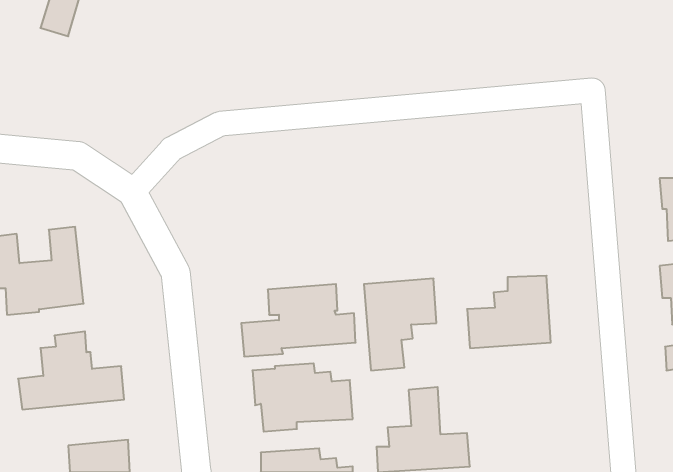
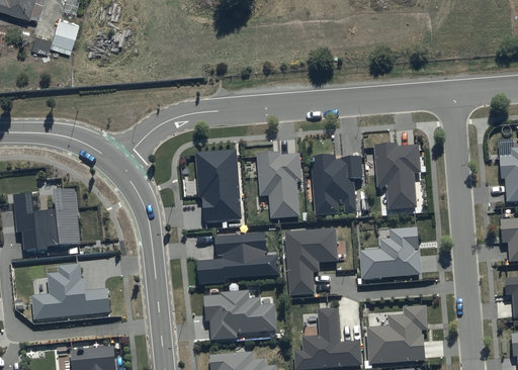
building: none -> [375,147,422,213]
building: none -> [196,153,243,225]
building: none -> [258,156,303,222]
building: none -> [312,157,363,215]
building: none -> [366,304,427,363]

